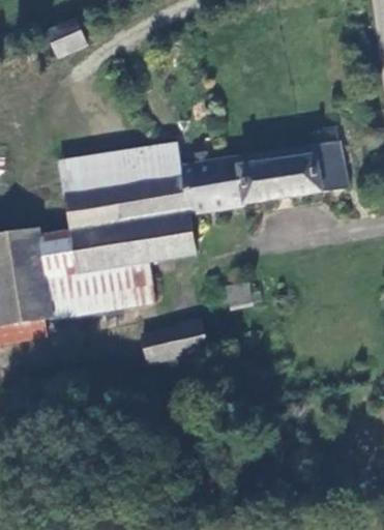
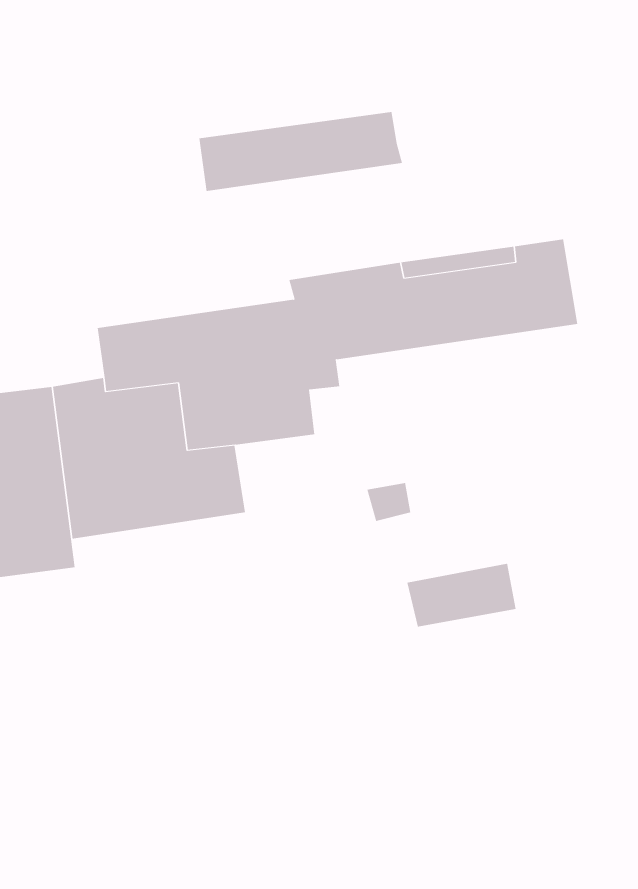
building: [50,18,88,54] -> none
building: [63,146,182,193] -> [199,112,403,192]
building: [139,325,203,362] -> [406,563,517,627]

